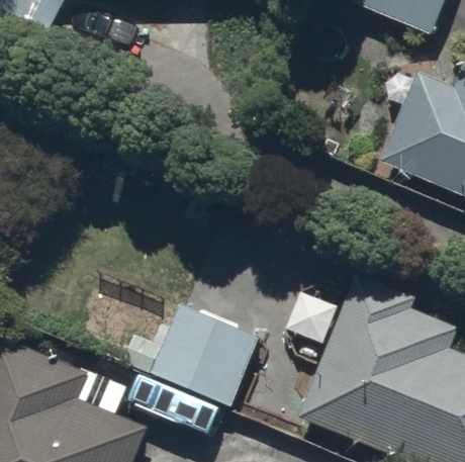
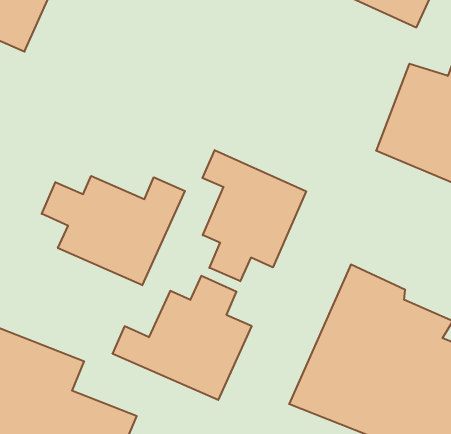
building: none -> [202,150,306,281]
building: none -> [42,176,185,285]

